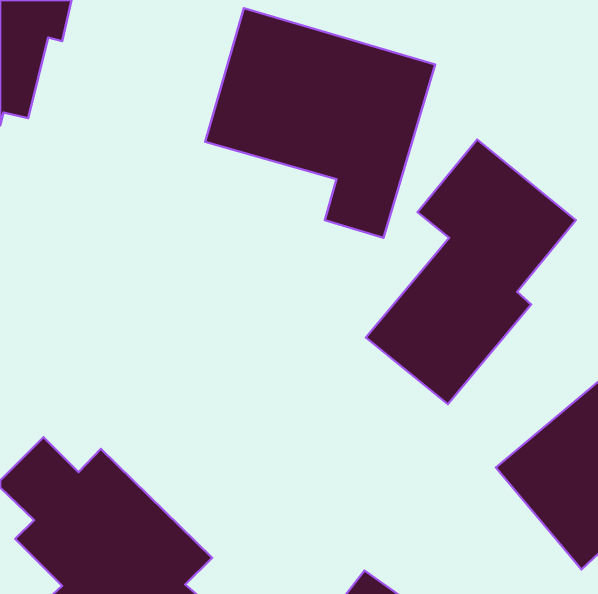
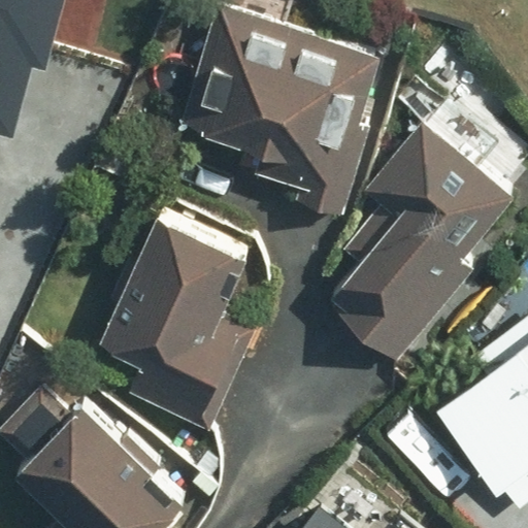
building: none -> [94,217,257,432]

